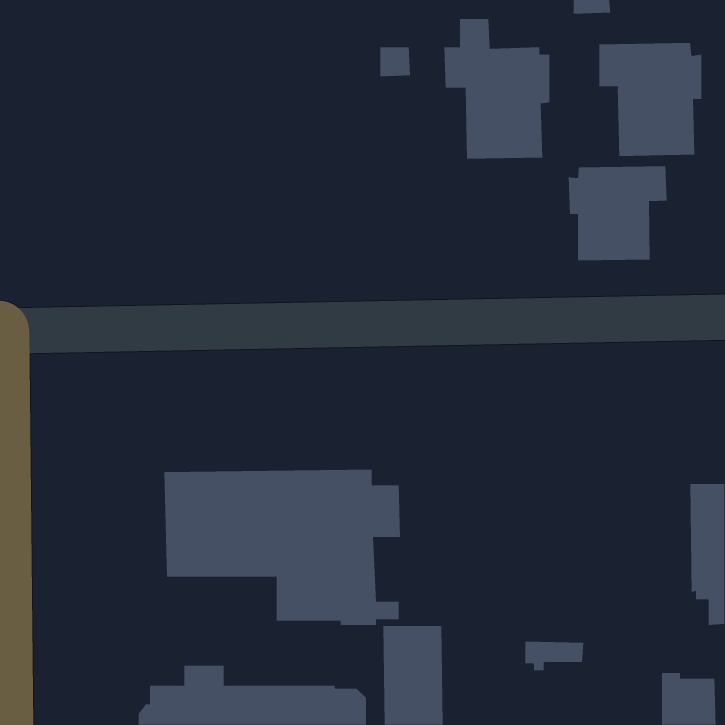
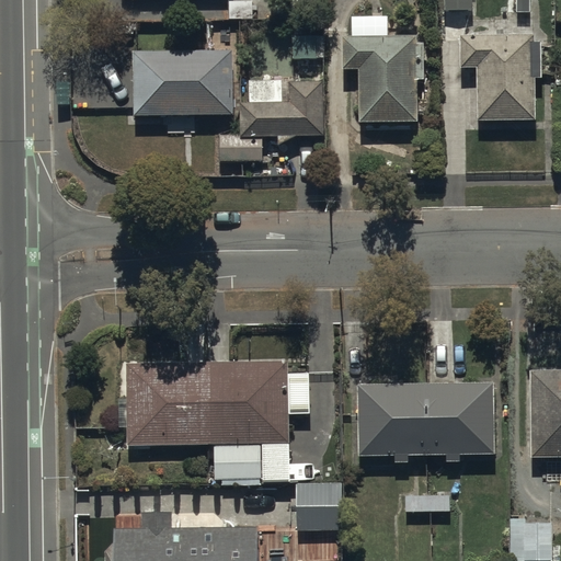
building: none -> [133,50,232,116]
building: none -> [219,81,323,162]
building: [568,165,667,261] -> none
building: none -> [357,382,495,462]

